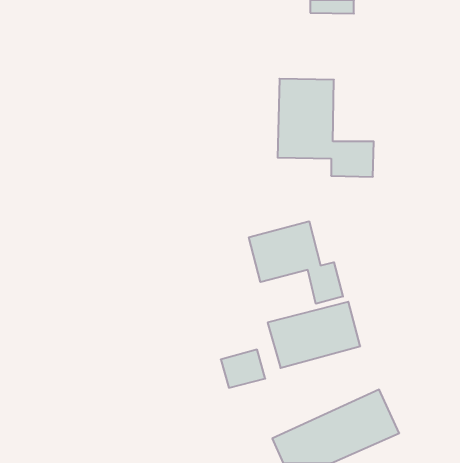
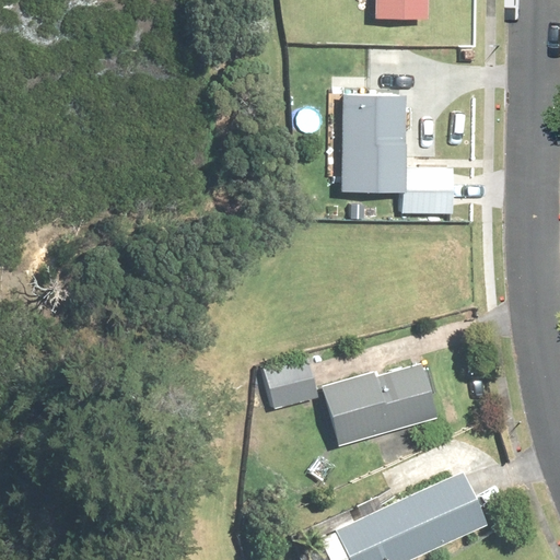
building: [249,221,343,304] -> none
building: [221,350,265,388] -> [267,360,320,406]

